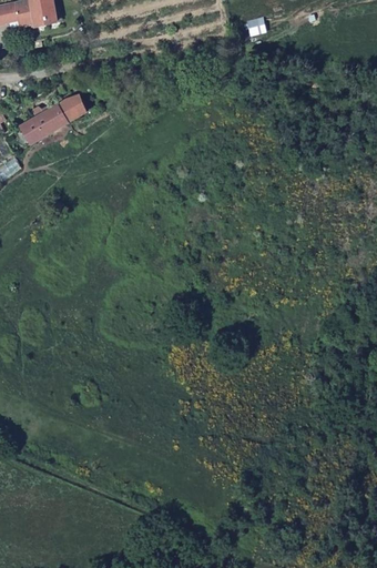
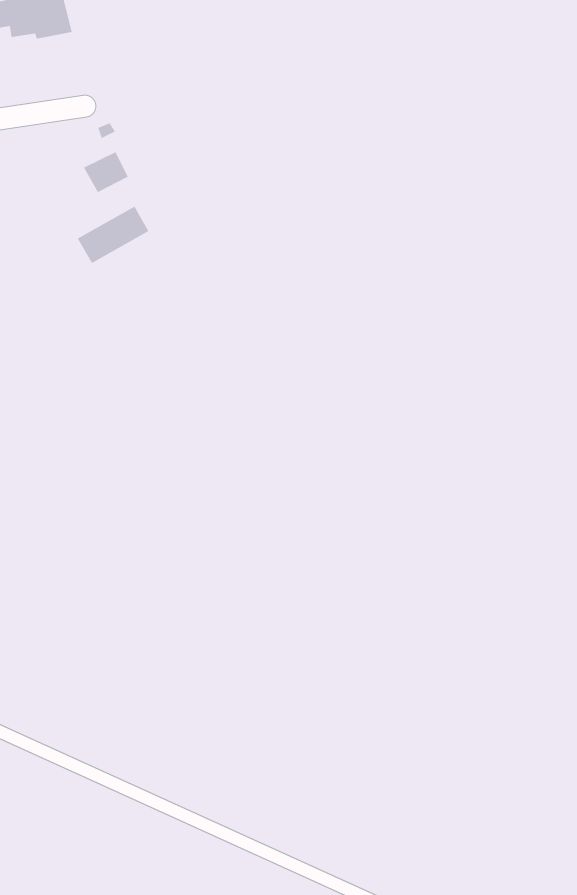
building: [23,105,68,141] -> [77,206,149,264]

